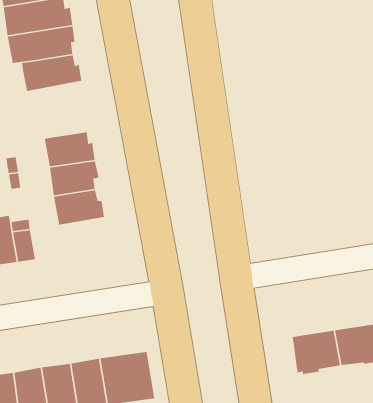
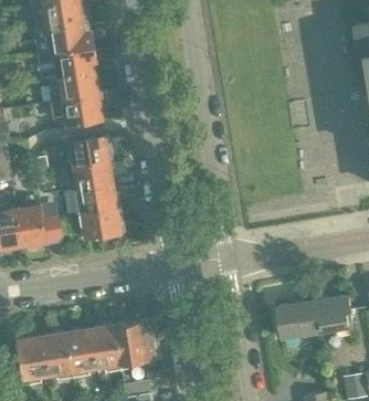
building: none -> [54,94,104,126]
building: none -> [81,208,124,239]

